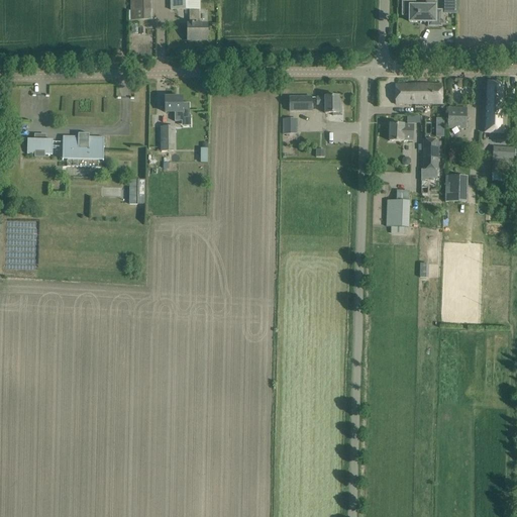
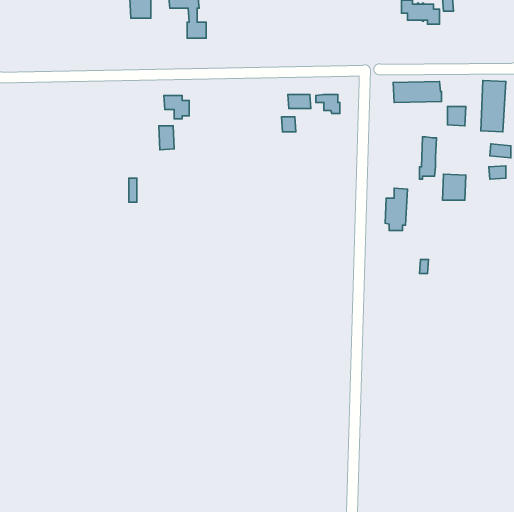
building: [389,122,413,139] -> none
building: [63,132,104,165] -> none
building: [27,137,53,154] -> none

